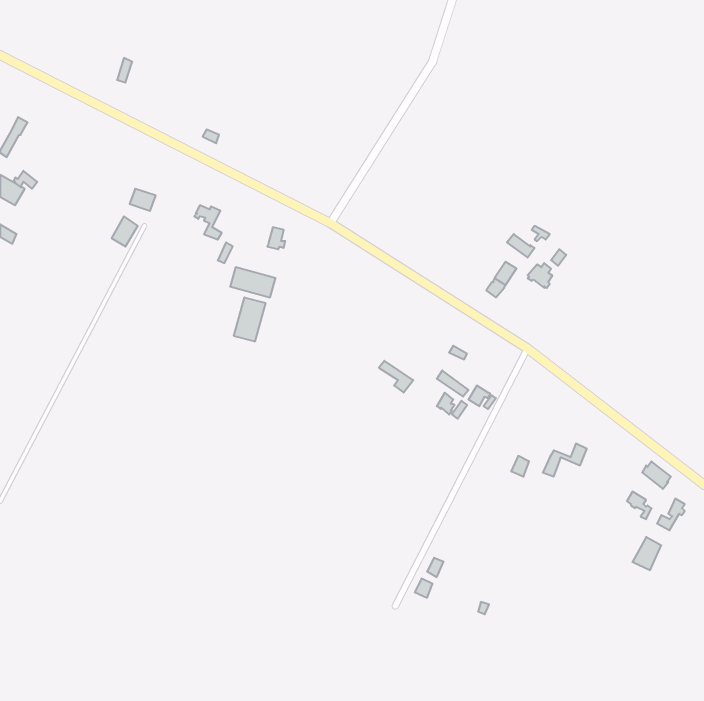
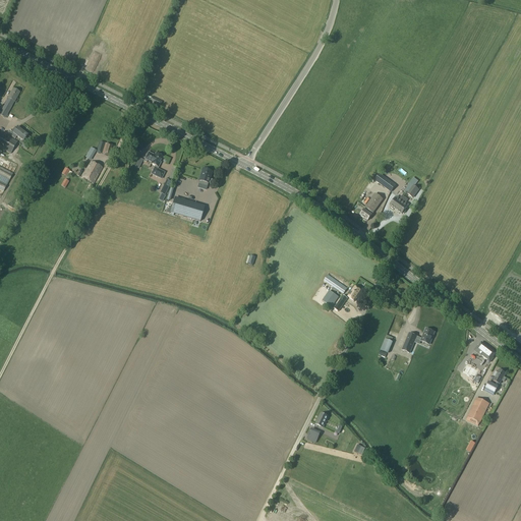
building: [234,297,265,342] -> none

